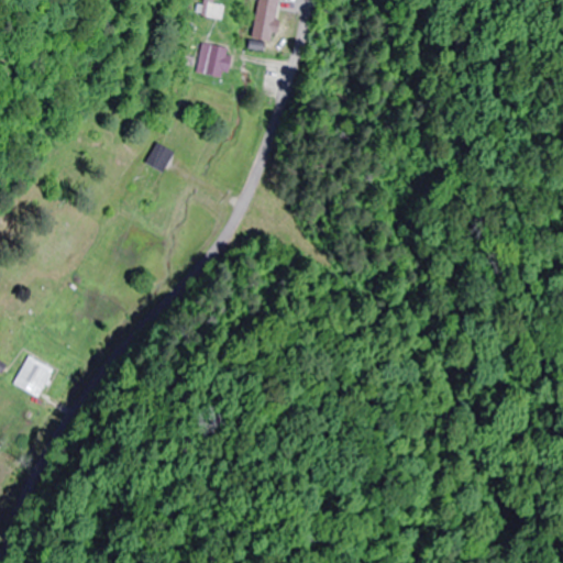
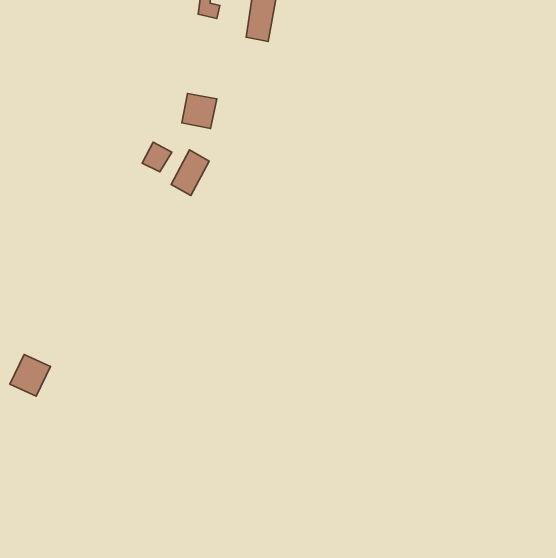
building: [198,43,233,78] -> [182,93,217,128]
building: none -> [171,150,209,196]

